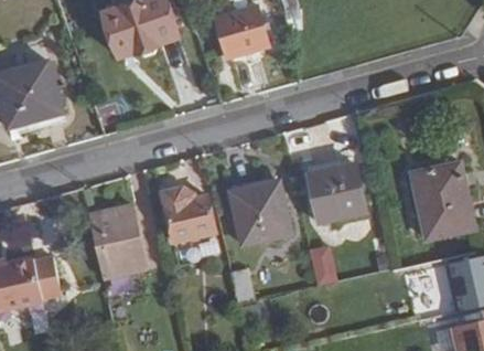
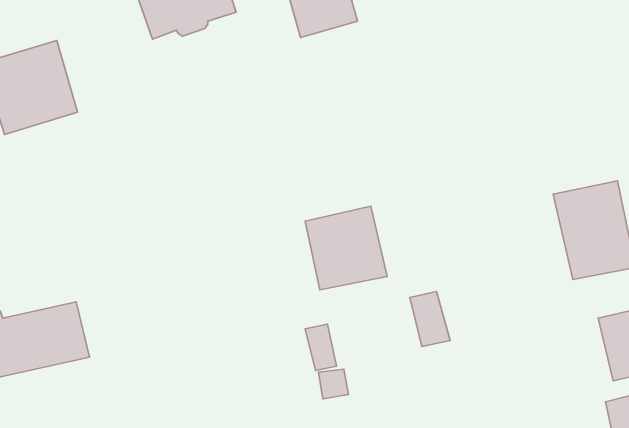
building: [306,157,365,222] -> none
building: [165,195,216,241] -> none
building: [89,204,146,278] -> none
building: [415,267,452,308] -> none

